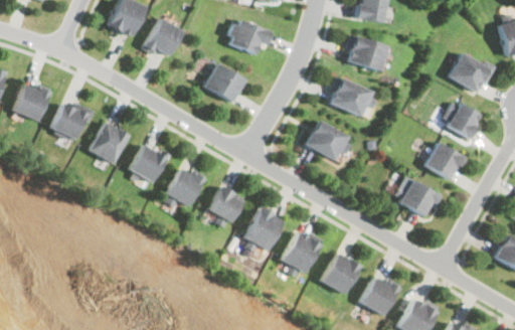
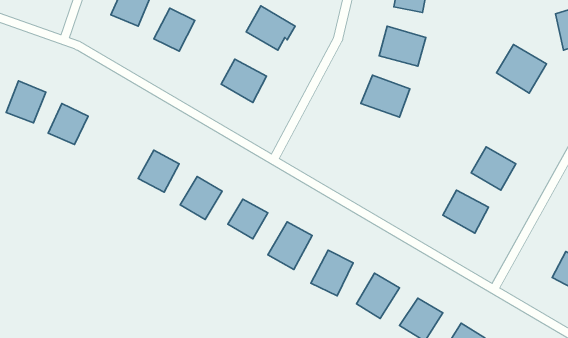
building: [445,103,481,138] -> none
building: [305,121,349,162] -> none
building: [91,122,129,163] -> none

